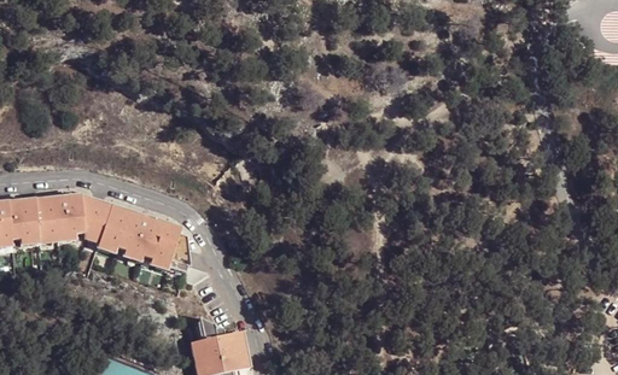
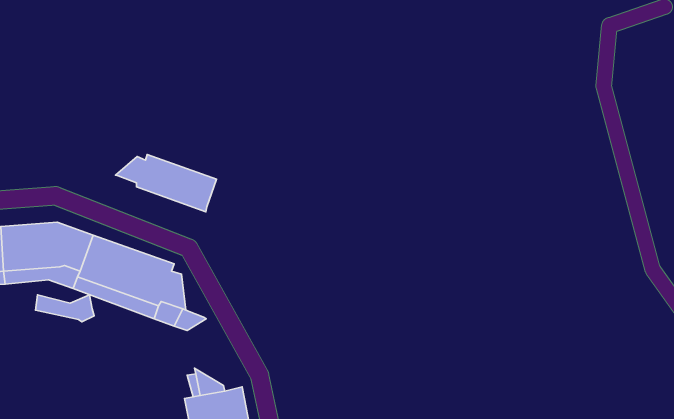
building: none -> [116,154,217,212]
building: none -> [36,295,94,322]

